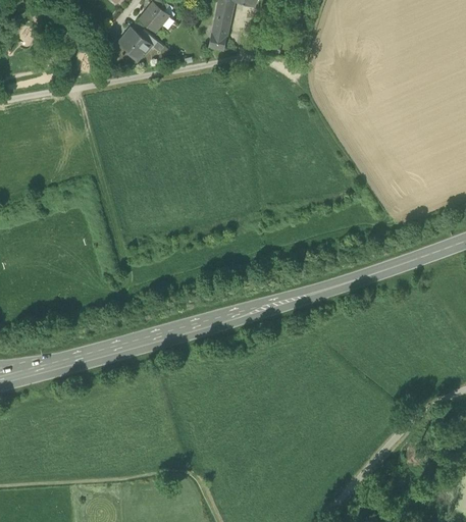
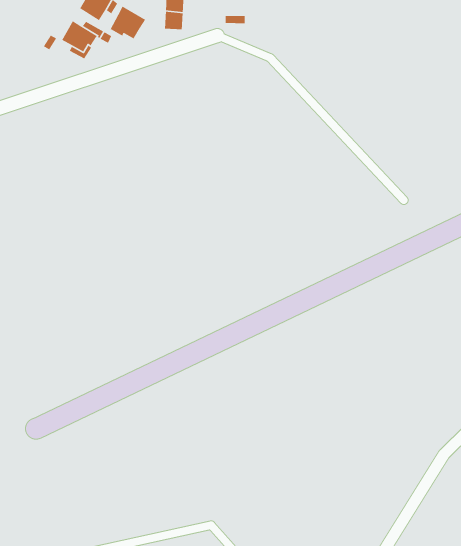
building: none -> [109,6,146,39]

